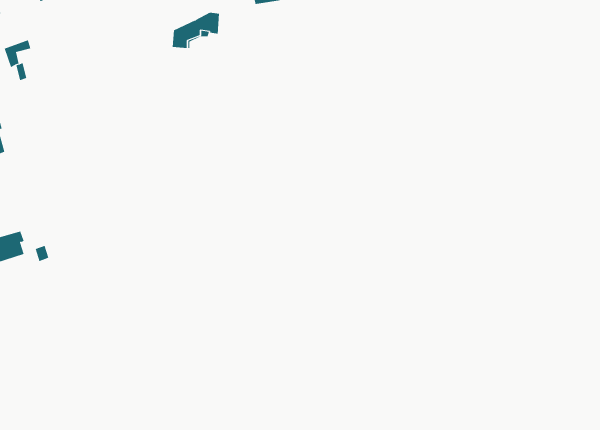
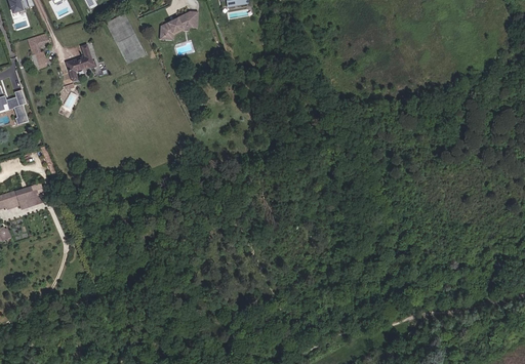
building: none -> [67,45,96,81]

